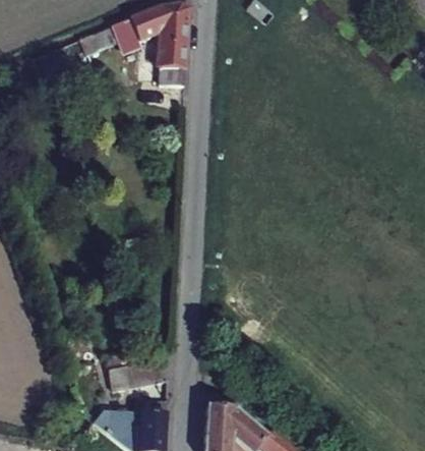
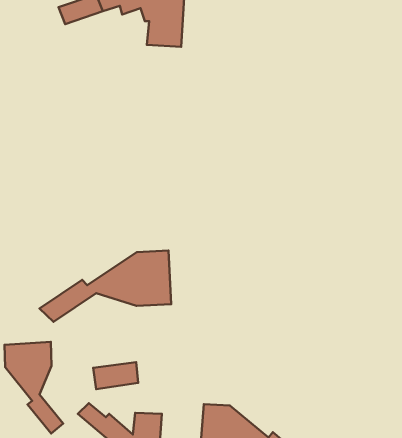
building: none -> [40,250,171,322]
building: none -> [4,342,63,434]

